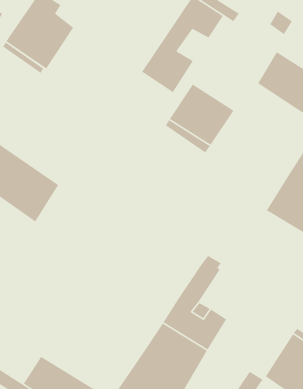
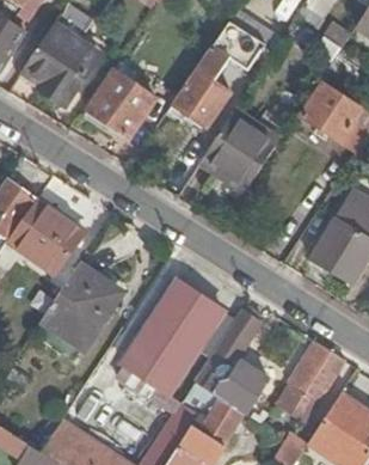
building: none -> [85,71,155,137]
building: none -> [41,265,112,345]
building: none -> [125,282,236,392]
building: none -> [278,342,346,423]

